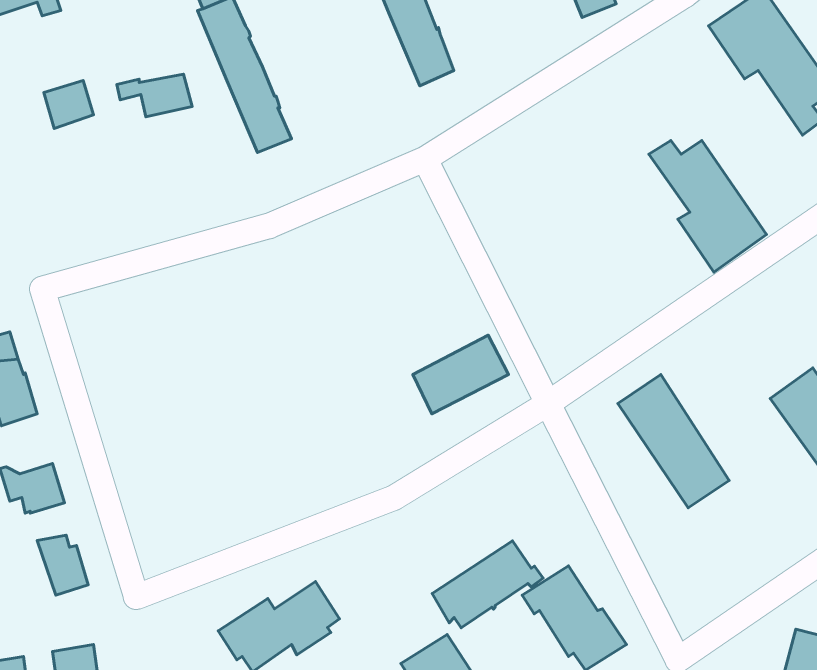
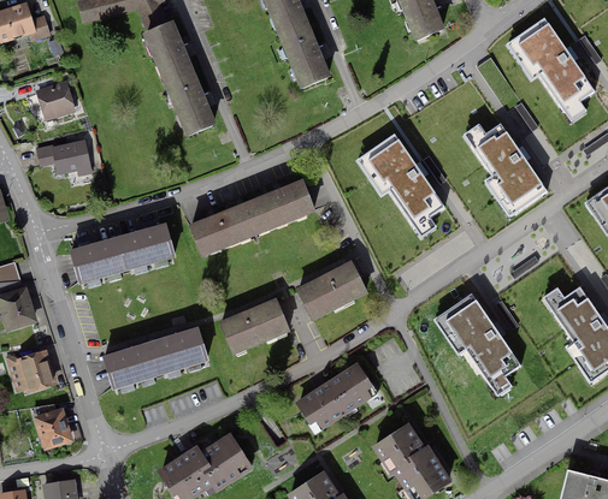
building: [117,74,192,117] -> [37,141,90,171]
building: none -> [359,135,445,238]
building: none -> [191,182,314,253]
building: none -> [72,226,173,280]
building: none -> [222,299,289,351]
building: none -> [105,329,207,385]
building: [432,541,543,628] -> [300,364,378,426]

